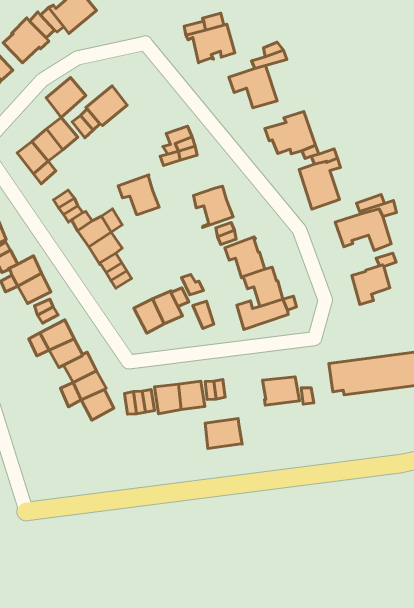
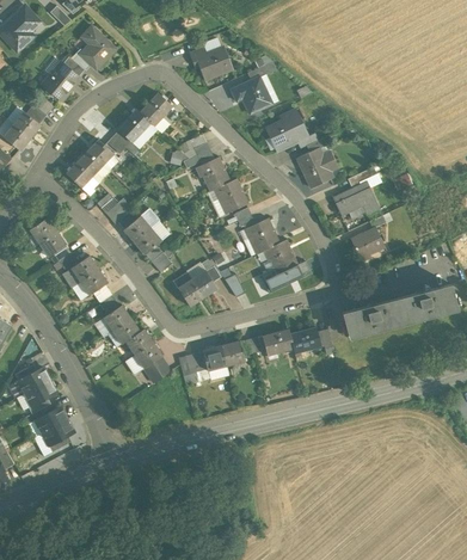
building: [46,78,86,117] -> [140,93,172,127]
building: [118,175,159,215] -> [195,156,231,190]
building: [205,419,242,448] -> [262,328,294,356]

